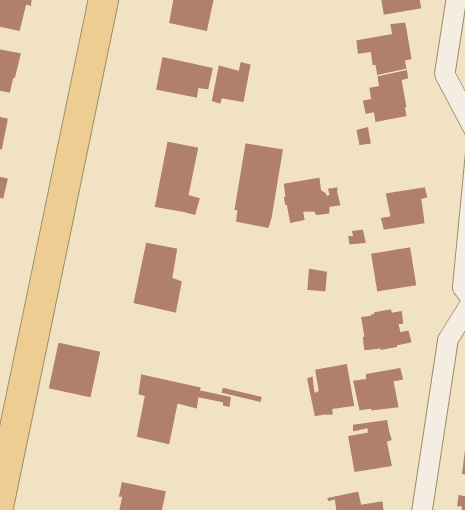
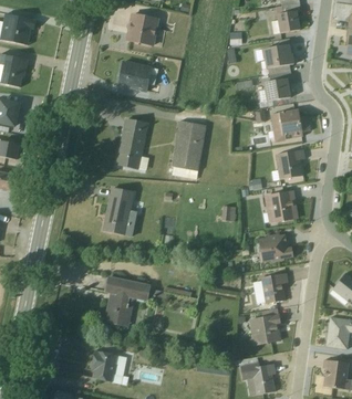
building: [211,61,252,105] -> none
building: [283,177,341,224] -> [270,109,310,141]
building: [48,342,101,398] -> none
building: [306,363,355,417] -> none

